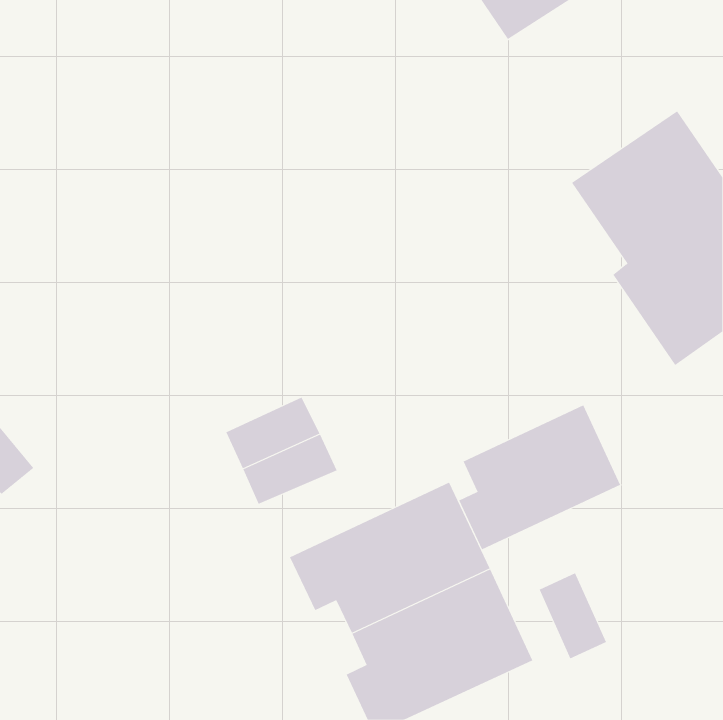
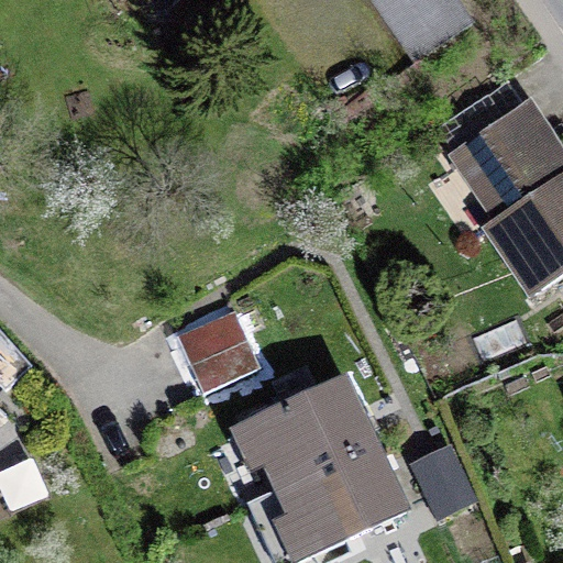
building: [459,405,621,550] -> none

